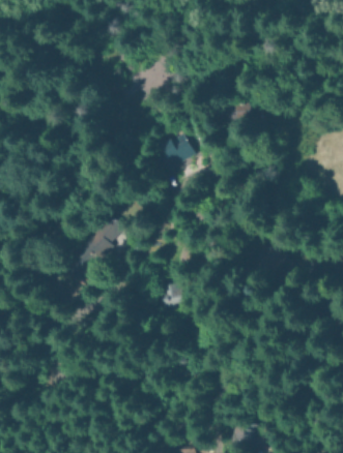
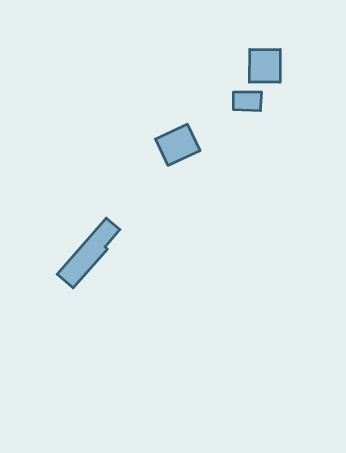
building: none -> [249,49,280,82]
building: [162,283,182,306] -> none

